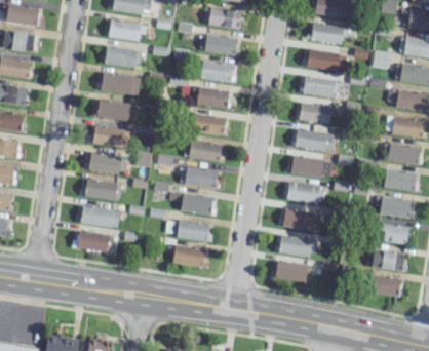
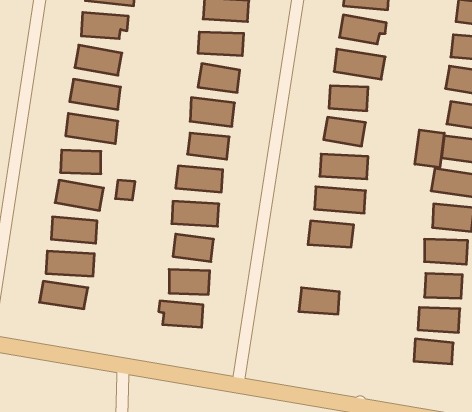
building: none -> [415,130,444,167]
building: [282,209,316,230] -> none
building: [274,260,311,283] -> none

